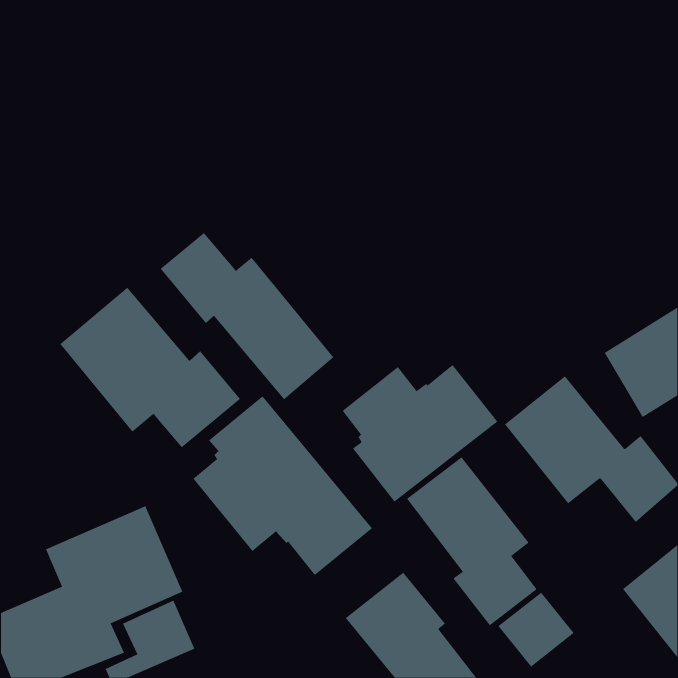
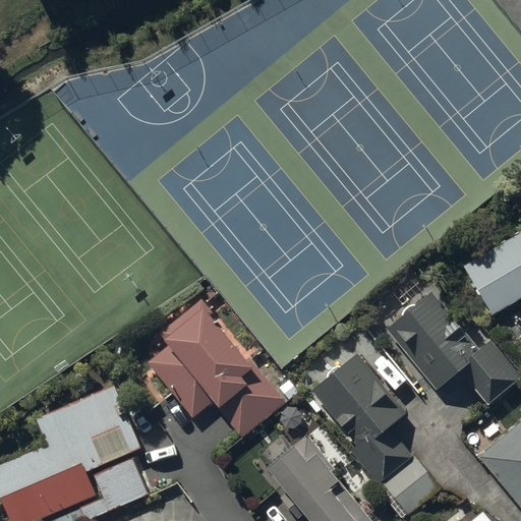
building: [160,232,334,400] -> none
building: [60,287,241,448] -> none
building: [342,364,498,503] -> none

